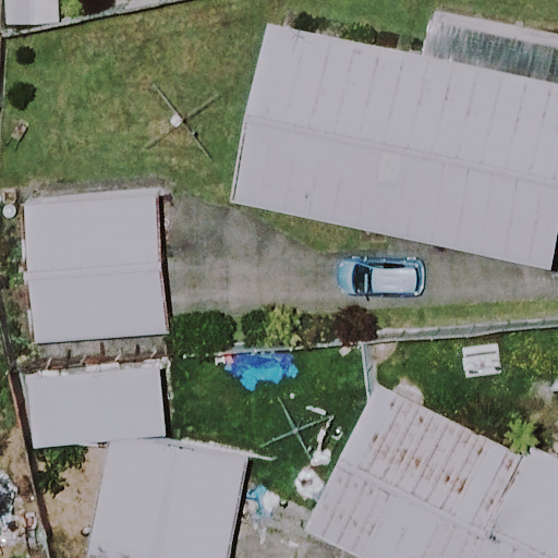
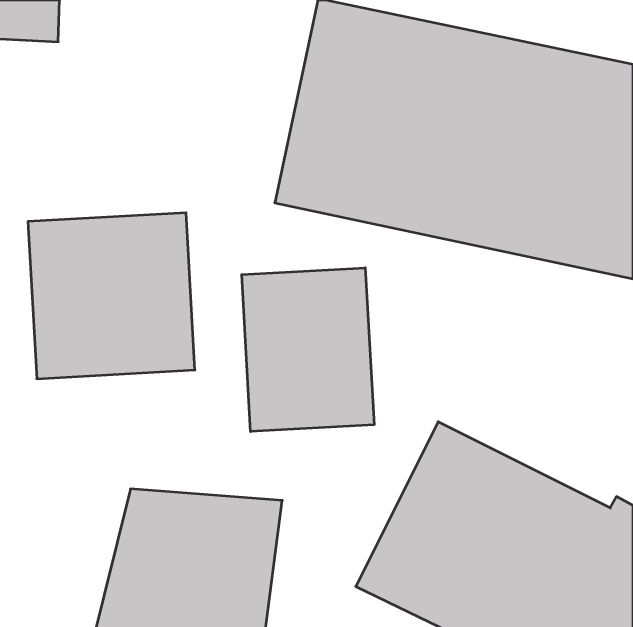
building: none -> [242,268,374,432]

